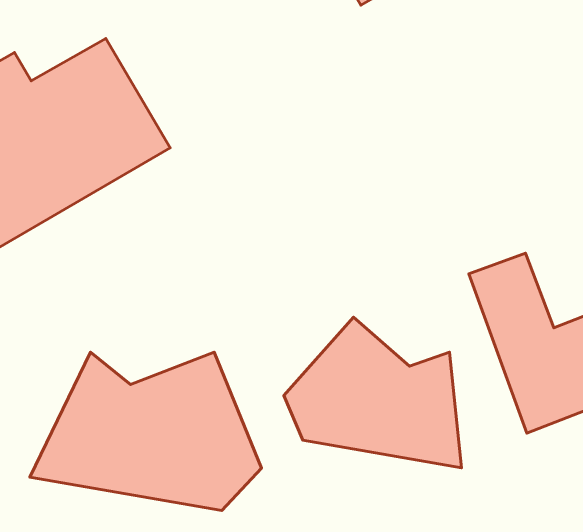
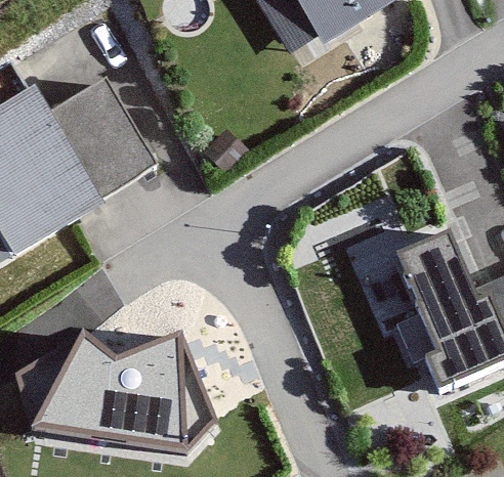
building: [284,317,461,468] -> none

